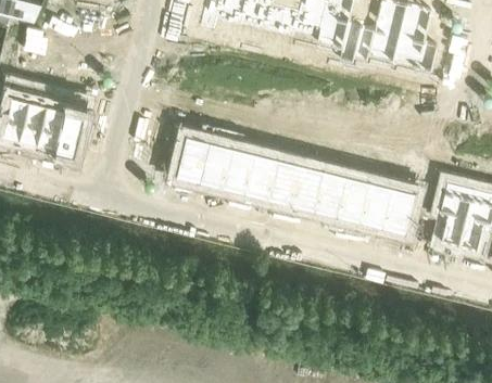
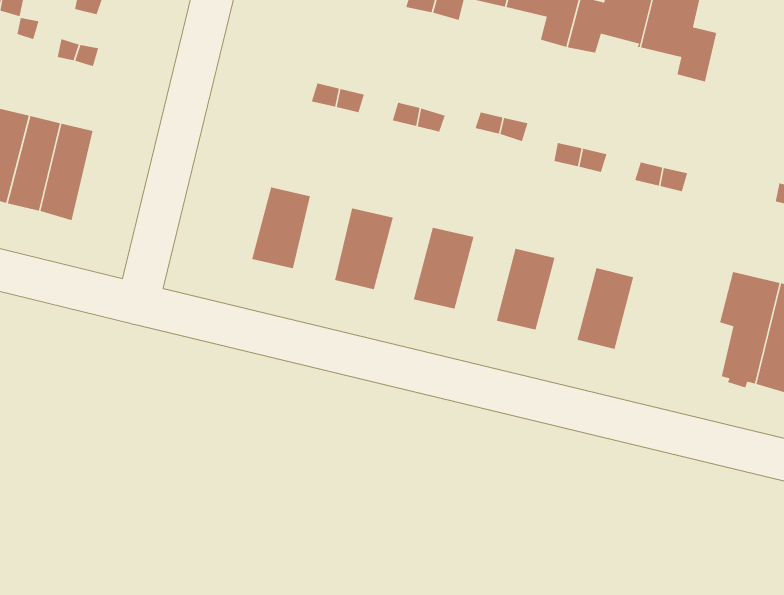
building: [198,141,230,189] -> none
building: [243,153,276,200] -> none
building: [289,164,323,212] -> none
building: [335,176,368,222] -> none
building: [379,187,415,234] -> none

